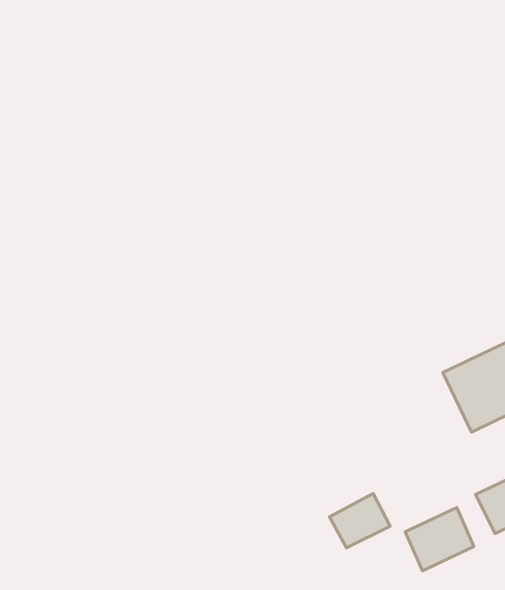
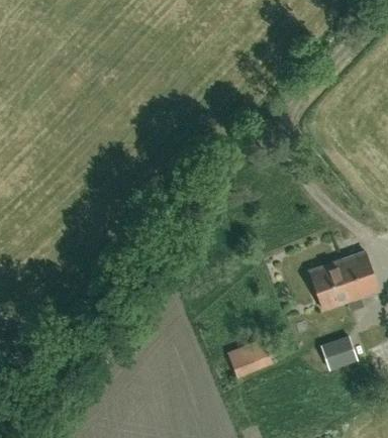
building: [405,507,474,571] -> none

